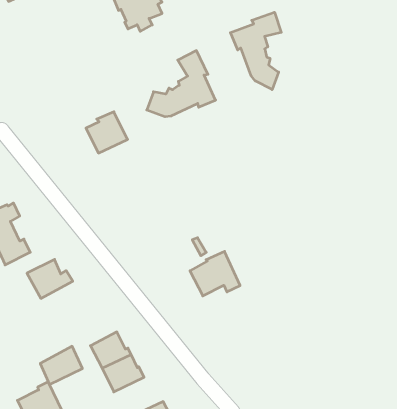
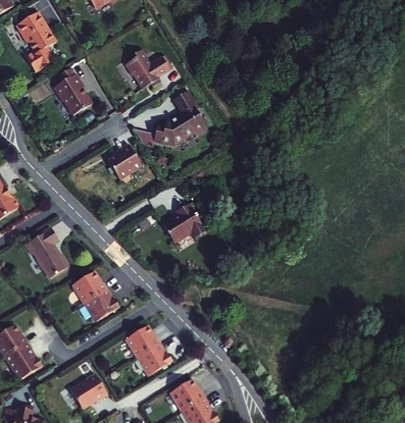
building: [230,12,281,90] -> none
building: none -> [53,72,89,114]
building: [190,251,240,296] -> [163,204,205,242]
building: [40,346,82,384] -> [84,288,118,321]

